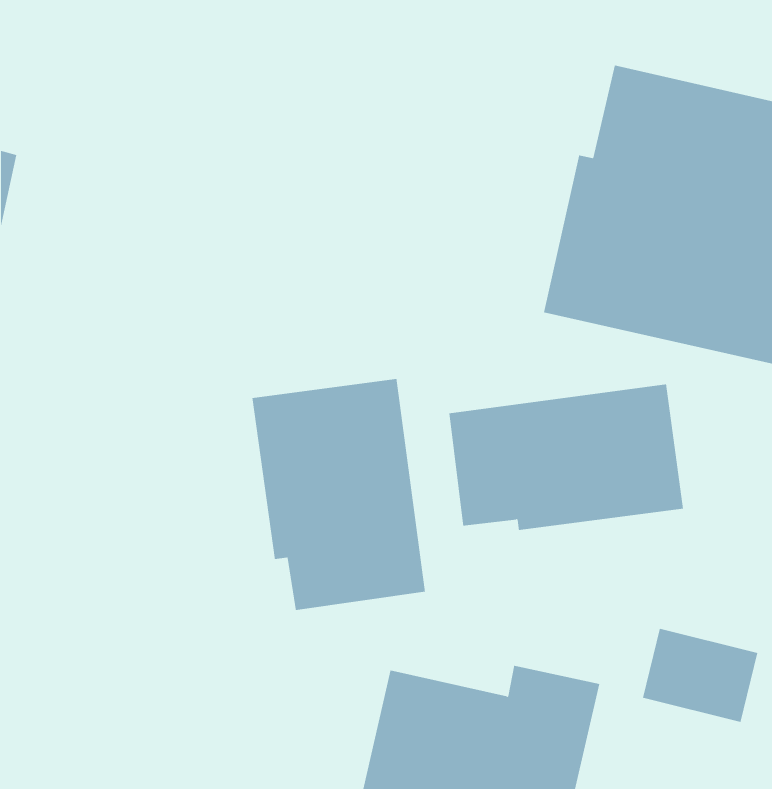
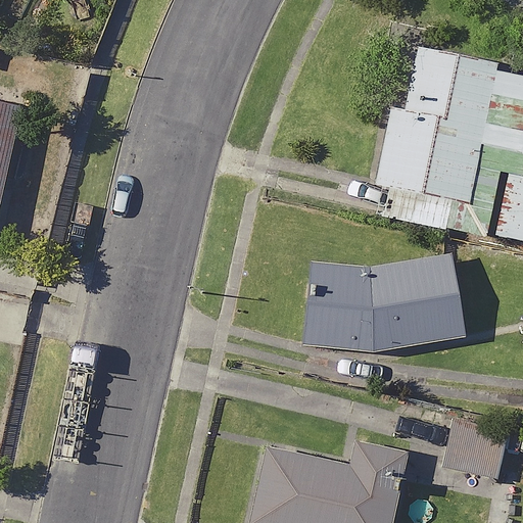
building: [252,378,426,611] -> none

